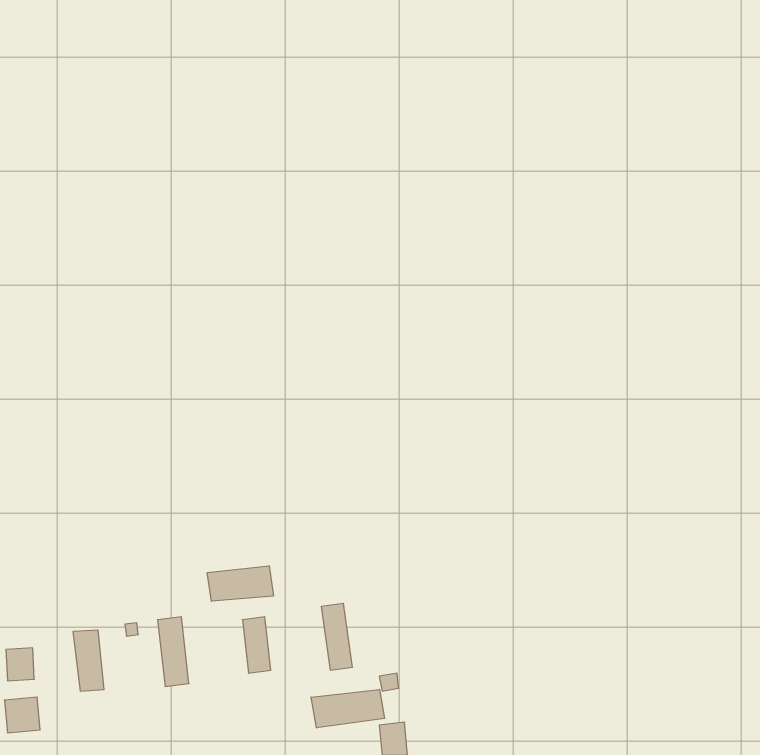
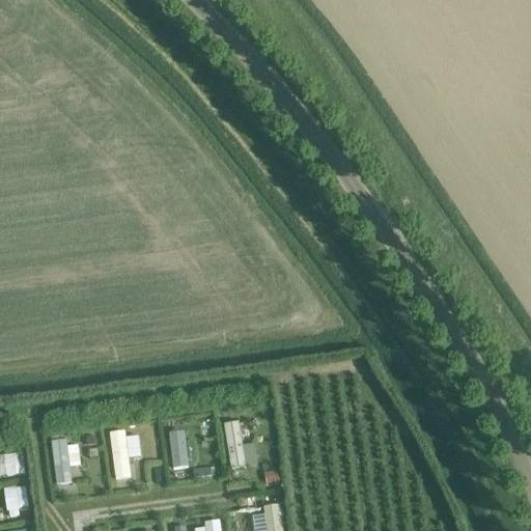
building: [207,566,273,601] -> none
building: [311,689,385,728] -> none

